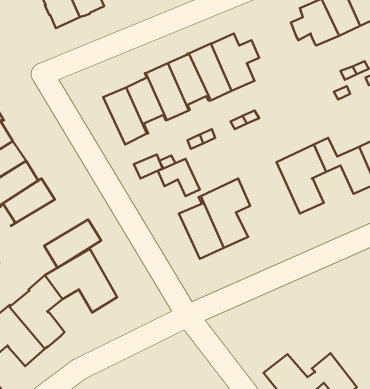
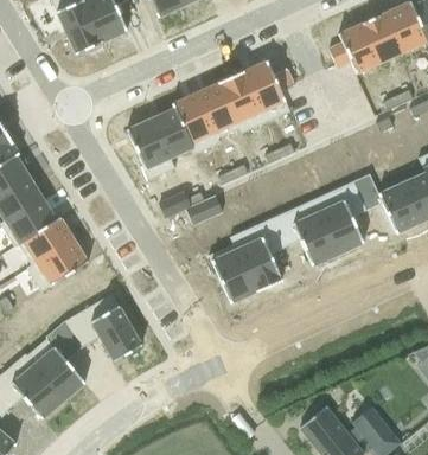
building: none -> [273,199,339,267]
building: [44,220,101,268] -> [27,239,89,291]

